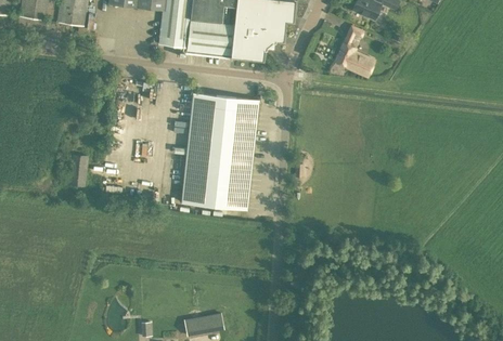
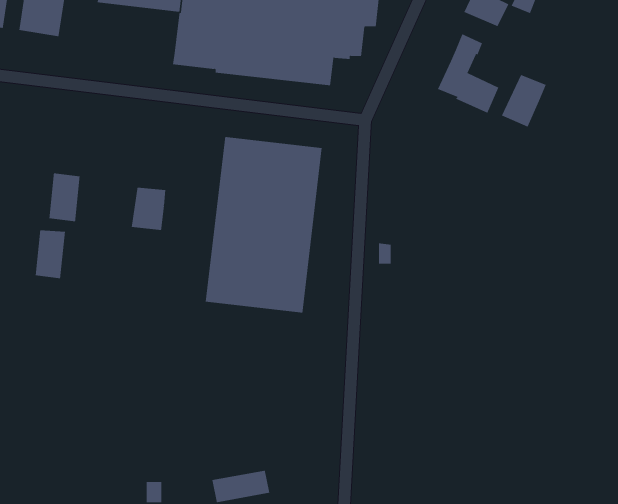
building: none -> [501,74,546,128]
building: none -> [49,172,80,222]
building: none -> [131,187,166,231]

